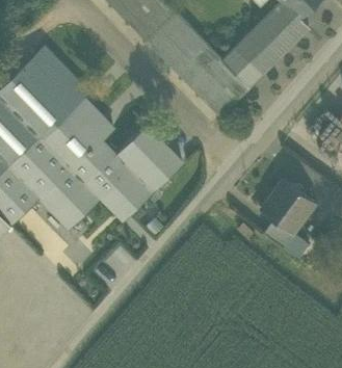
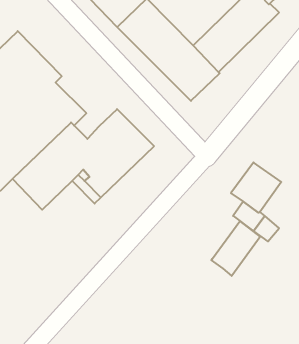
building: none -> [211,221,260,276]

